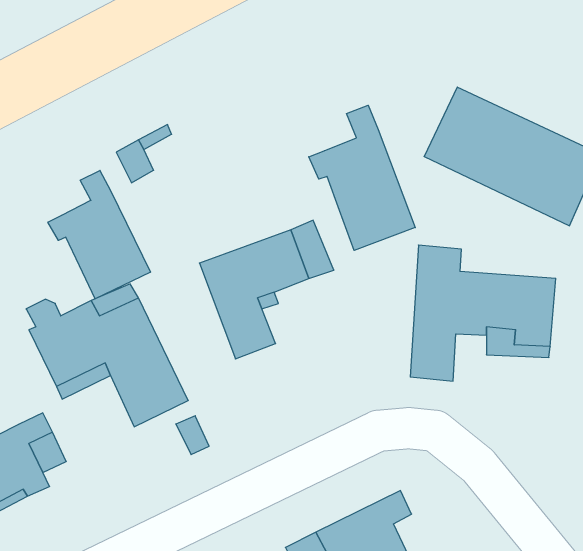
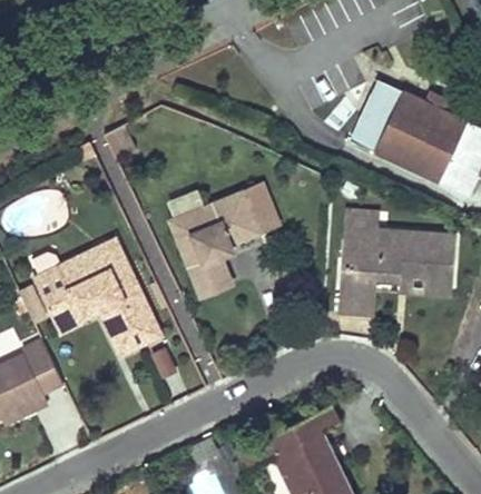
building: [309,105,415,250] -> none
building: [48,170,150,299] -> none

